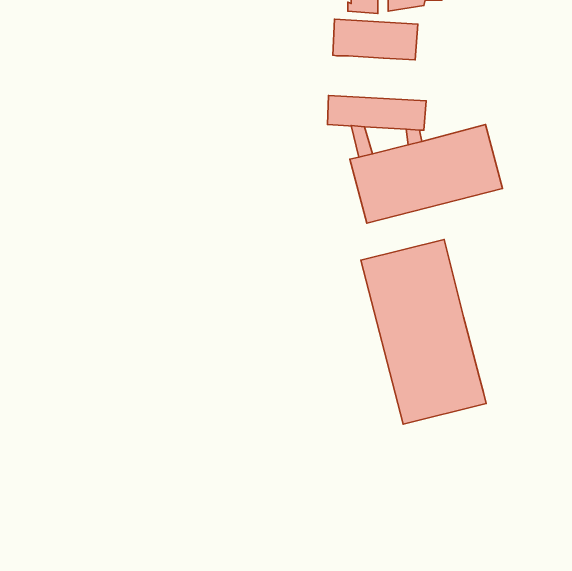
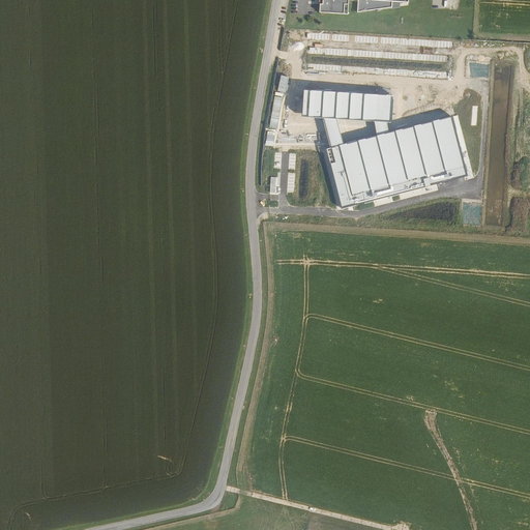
building: [333,19,418,60] -> none
building: [361,239,486,424] -> none

